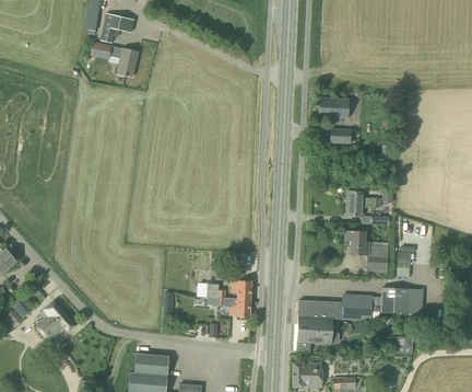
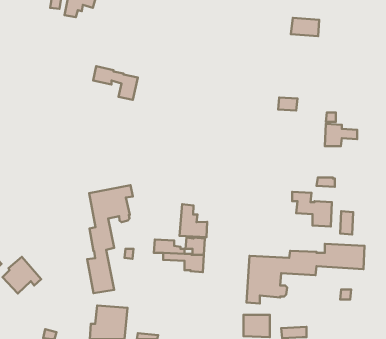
building: [90,41,138,77] -> [93,66,138,100]
building: [318,99,349,118] -> [291,18,319,36]
building: [345,192,380,216] -> [325,124,357,146]
building: none -> [87,185,133,293]
building: none -> [180,204,207,237]

